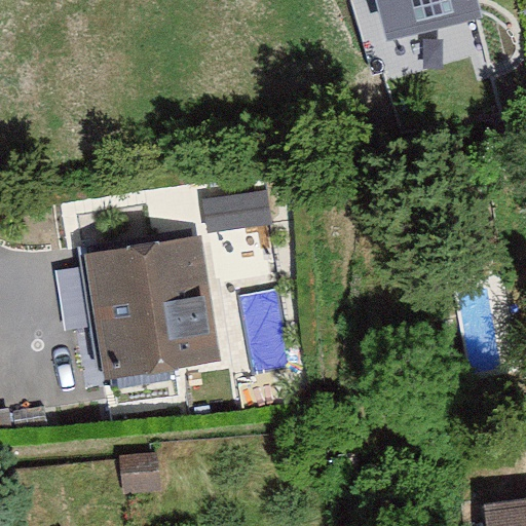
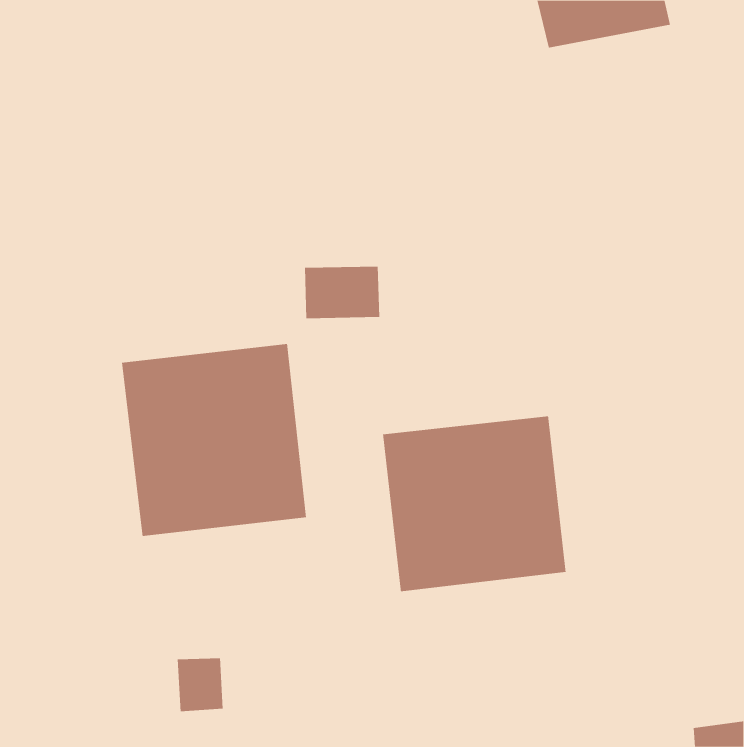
building: none -> [383,415,566,592]

